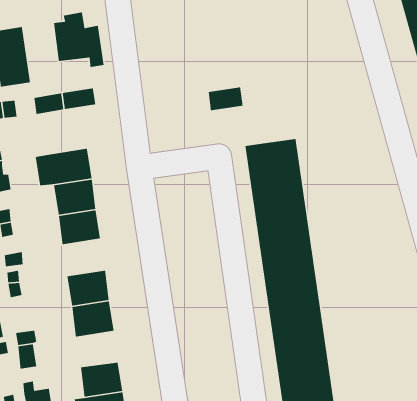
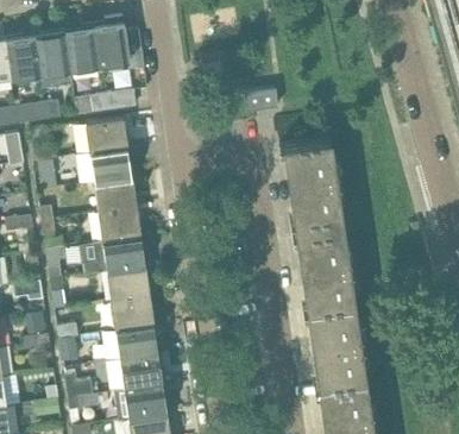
building: none -> [65,26,100,69]
building: none -> [87,118,128,153]
building: none -> [83,235,146,275]
building: none -> [117,325,158,359]

